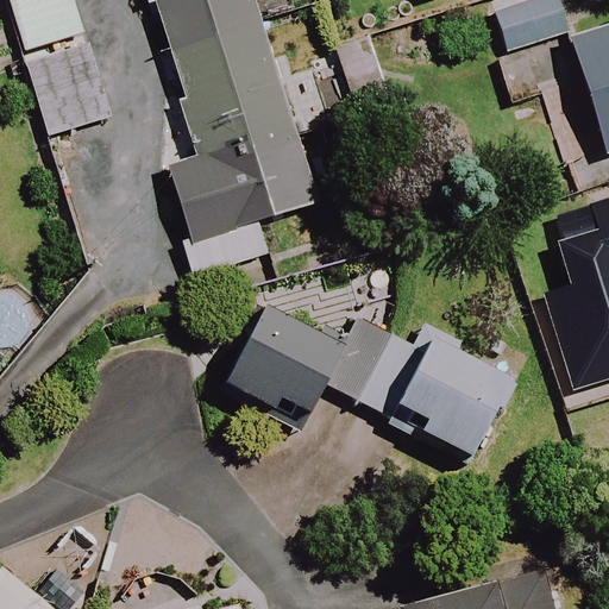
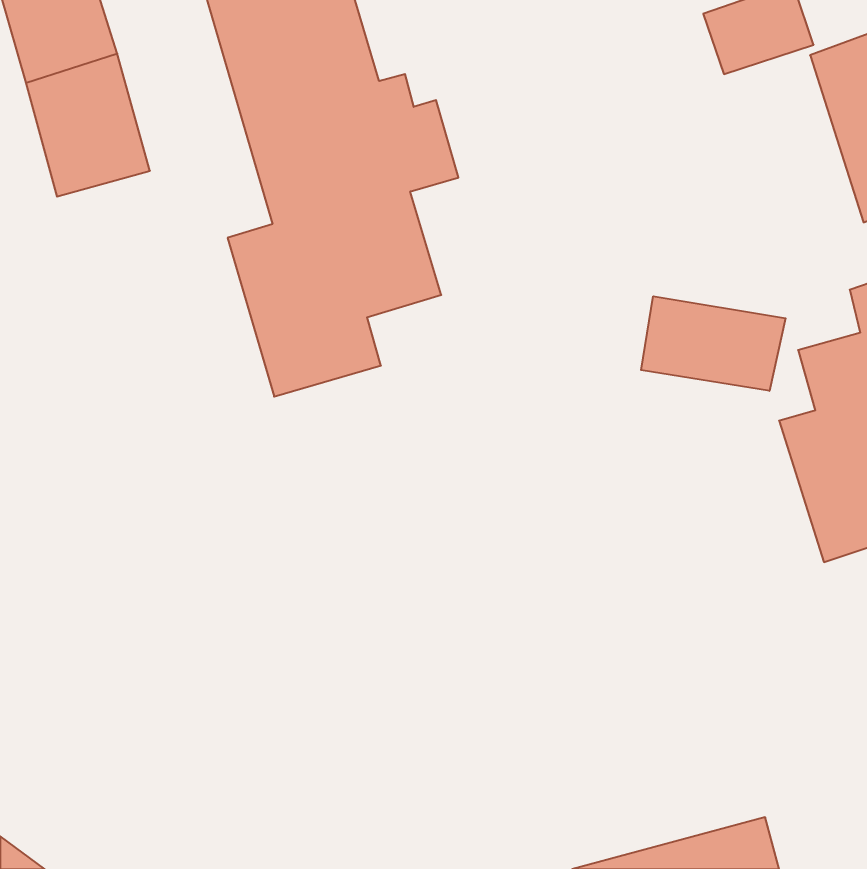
building: none -> [641,296,786,391]
building: [220,304,514,457] -> none

